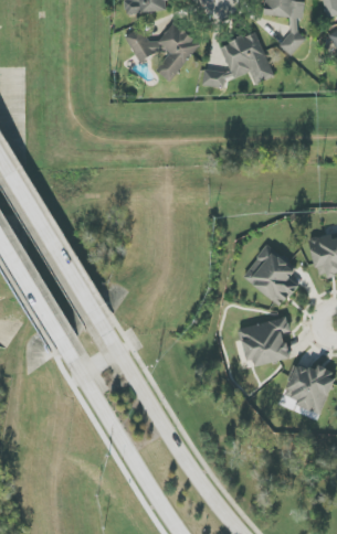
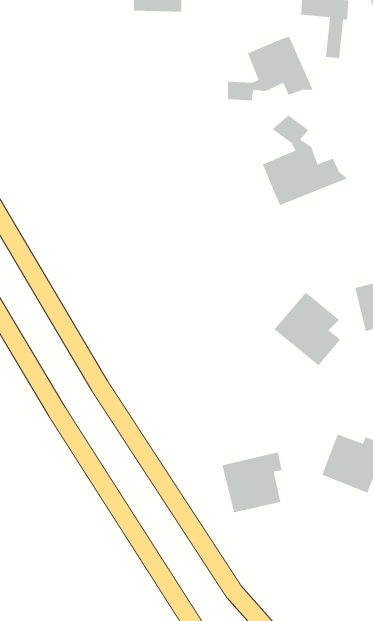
building: [125,22,198,73] -> none
building: none -> [262,114,348,206]
building: [240,316,291,366] -> [222,452,283,513]

